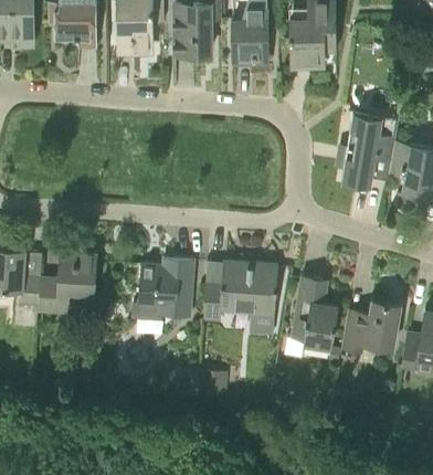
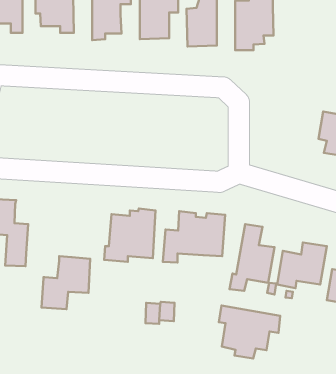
building: [340,113,398,187] -> none
building: [38,251,96,315] -> [42,256,90,309]
building: none -> [219,305,280,358]

